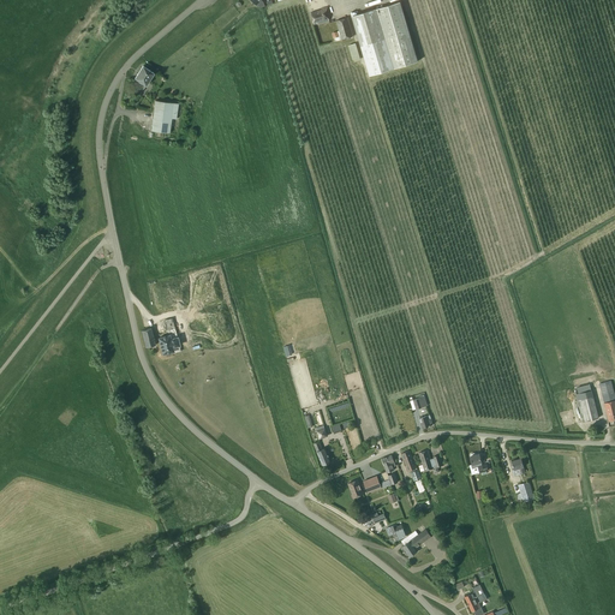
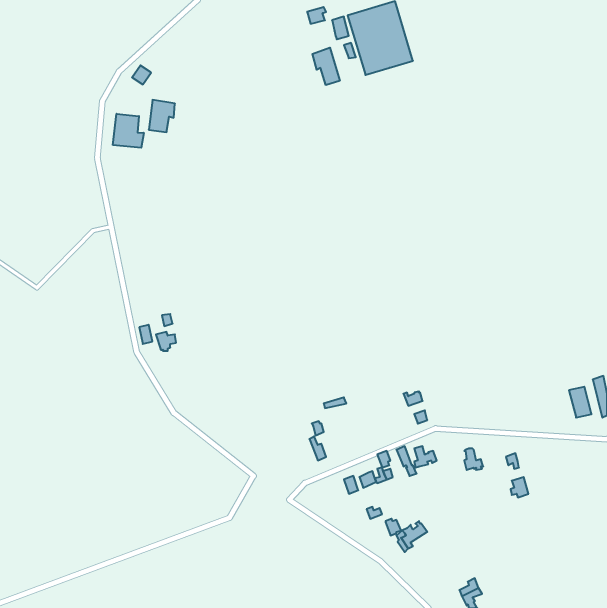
building: none -> [312,48,340,85]
building: none -> [113,114,144,148]

